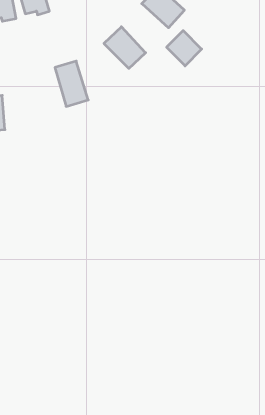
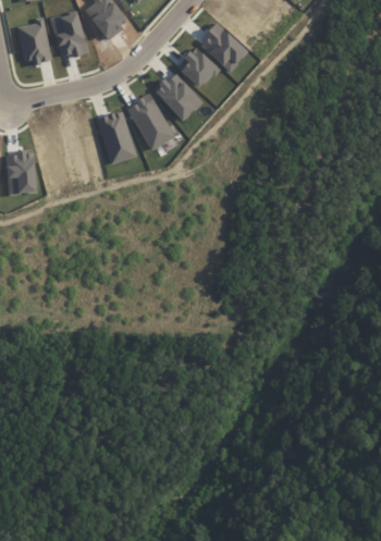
building: [167,31,202,66] -> [176,46,218,87]
building: none -> [125,94,173,150]

